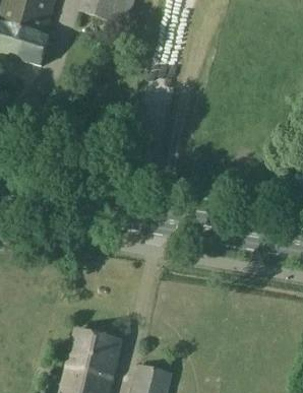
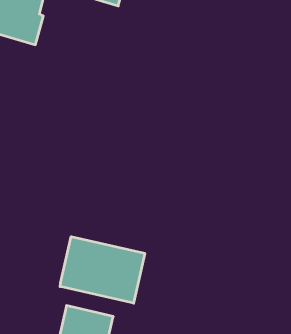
building: none -> [60,237,145,303]

